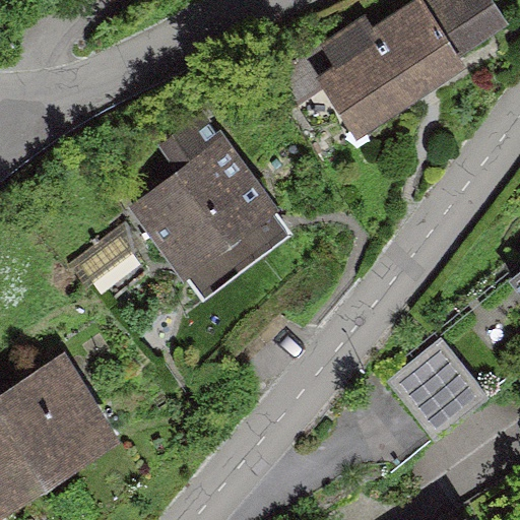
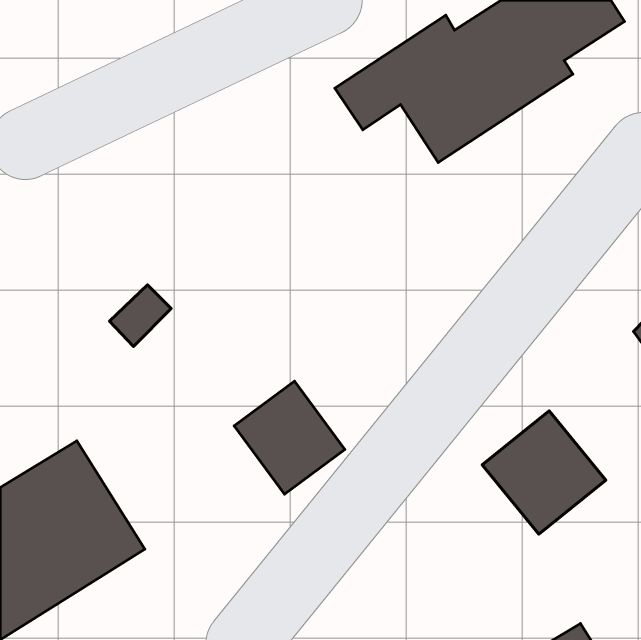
building: [131,116,290,299] -> none
building: none -> [234,381,345,494]

